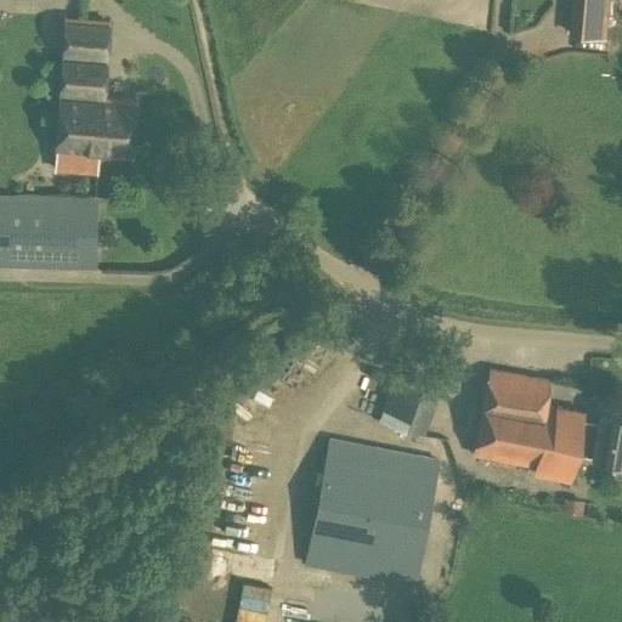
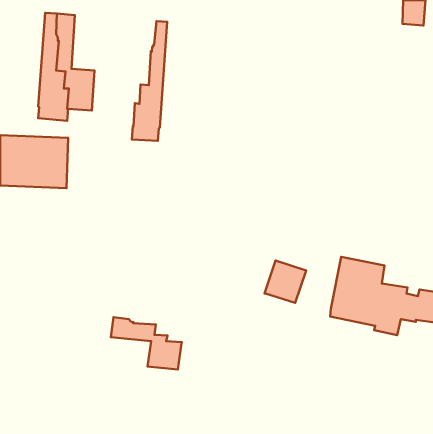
building: none -> [132,21,167,141]
building: [306,440,440,586] -> none
building: none -> [111,317,182,369]

